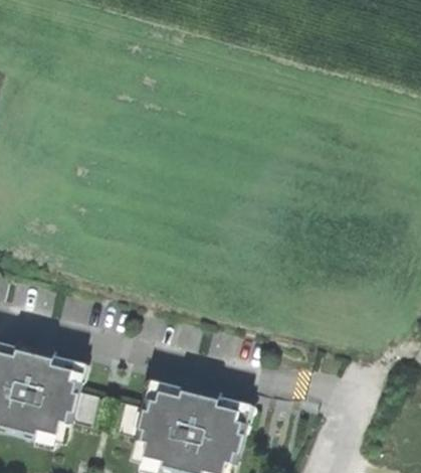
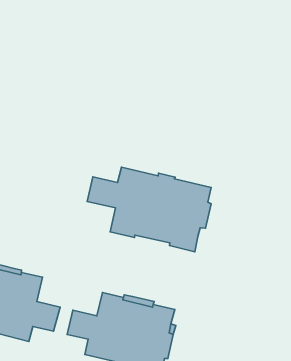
building: none -> [87,167,211,252]

